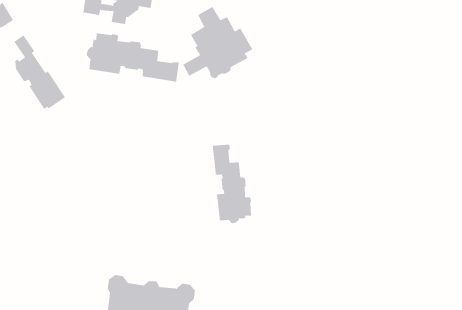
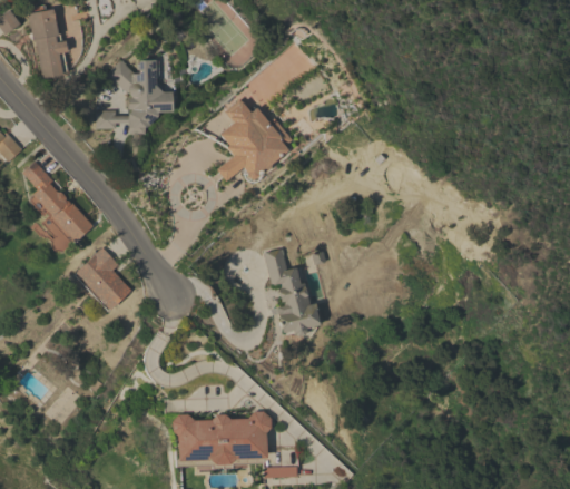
building: [86,33,179,83] -> none
building: none -> [73,247,131,311]

